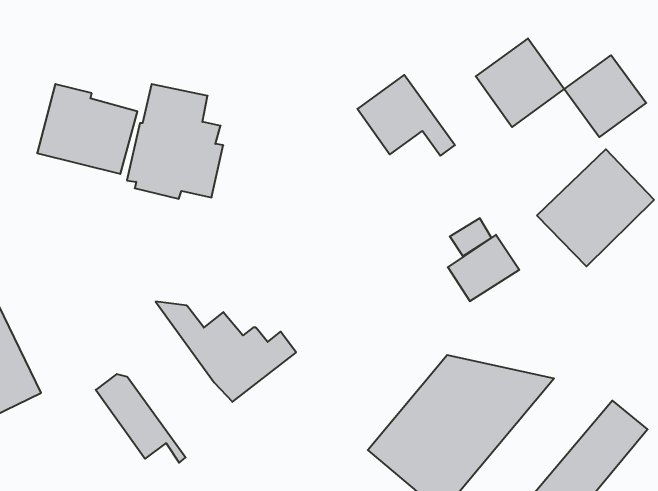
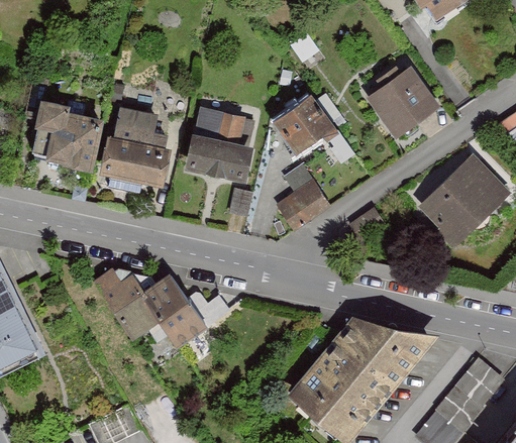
building: [564,55,646,137] -> none
building: none -> [184,107,260,187]
building: [448,235,519,301] -> [275,179,330,230]
building: [96,374,186,463] -> [97,271,167,340]

